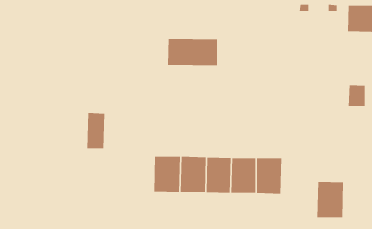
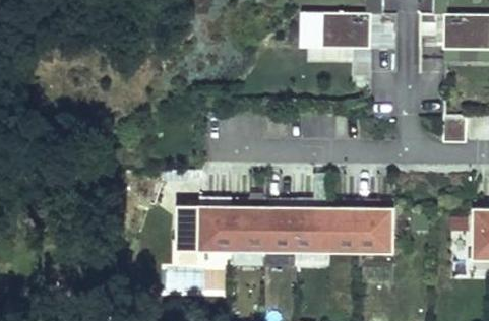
building: [167,39,218,66] -> [305,12,369,47]
building: [87,113,105,149] -> [175,204,198,250]
building: [317,181,344,218] -> [359,207,393,253]

